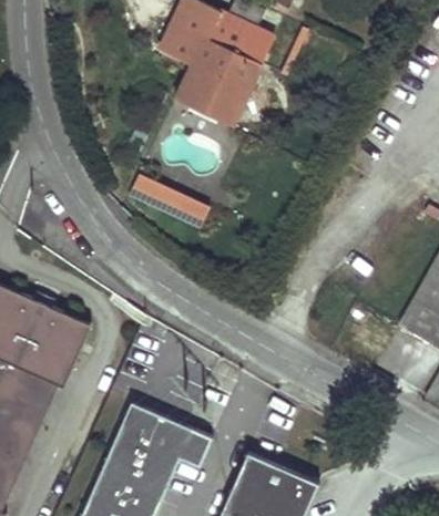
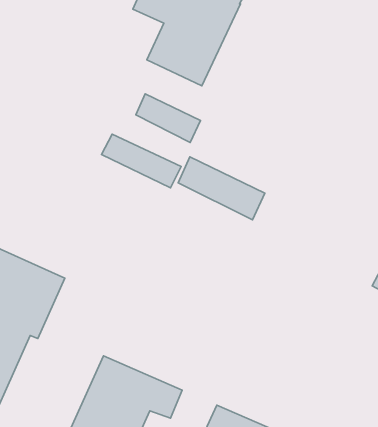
building: none -> [136,94,201,142]
building: none -> [178,157,265,220]

